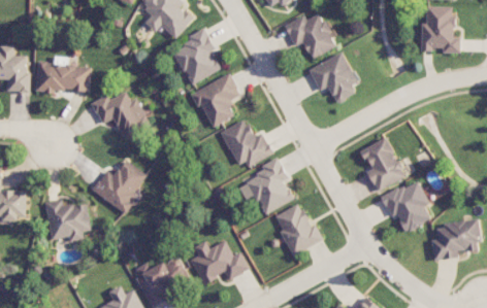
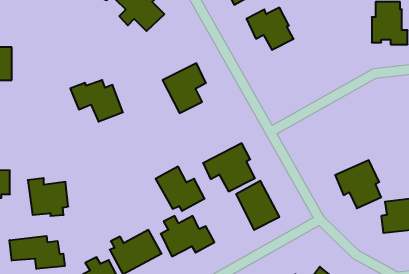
building: [171,31,220,84] -> none
building: [307,52,357,103] -> none
building: [35,56,91,94] -> none
building: [219,118,272,167] -> [156,167,205,211]
building: [361,137,405,191] -> none
building: [91,160,148,211] -> none
building: none -> [10,236,65,269]

